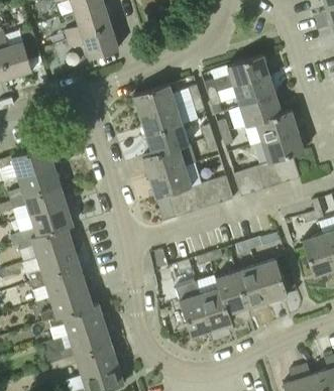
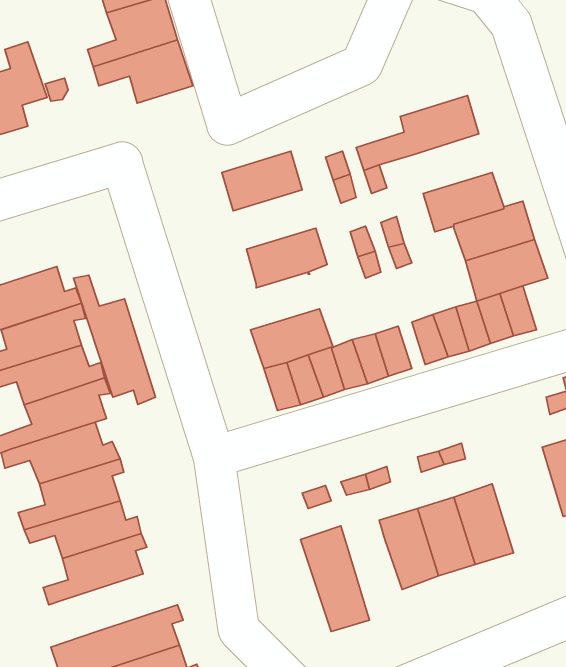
building: [233,75,275,106] -> none
building: [139,104,183,135] -> none
building: [141,147,185,177] -> none
building: none -> [73,275,156,405]
building: [200,287,231,330] -> none
building: [48,303,110,336] -> none

